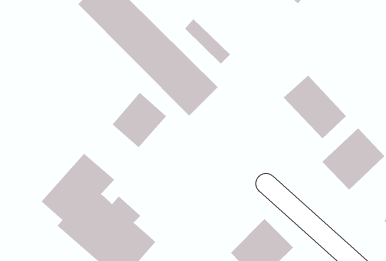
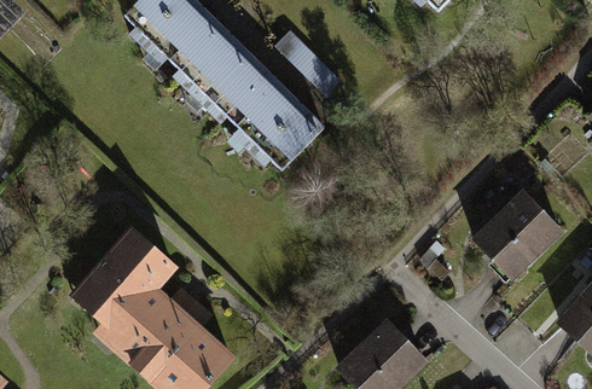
building: [283,75,347,139] -> none
building: [111,92,167,148] -> none

